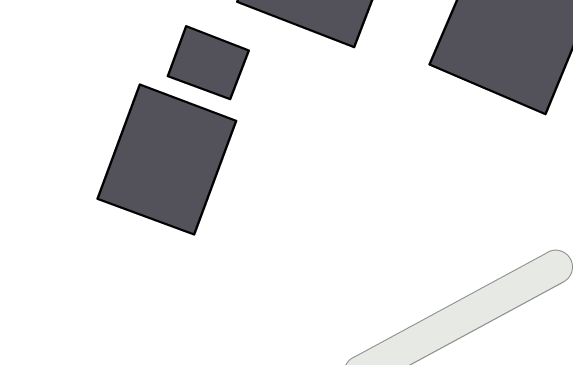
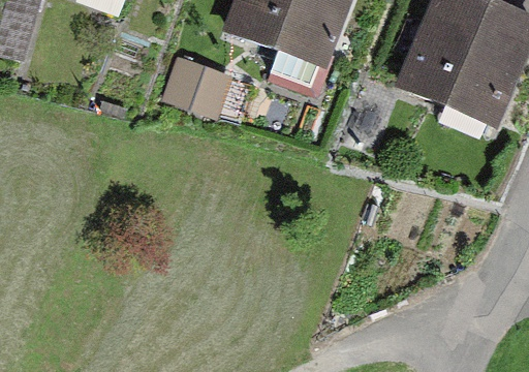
building: [97,85,236,234] -> none

